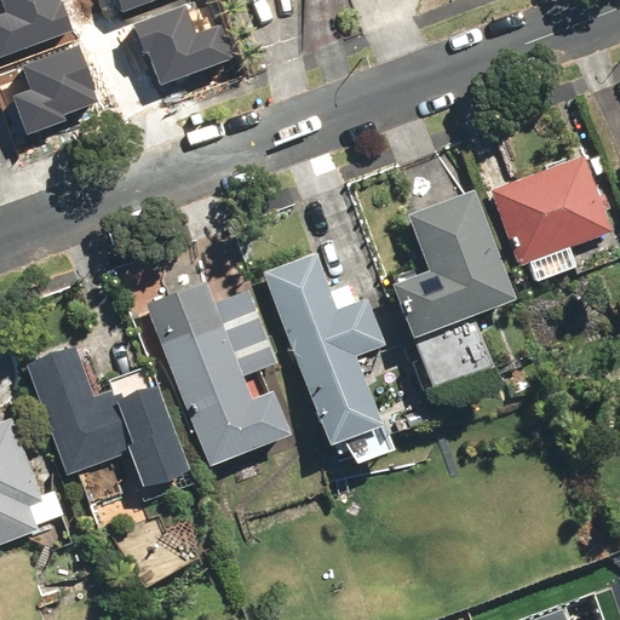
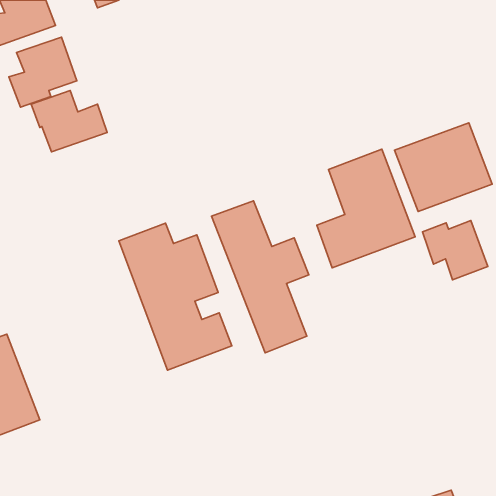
building: [134,10,229,86] -> [31,90,107,152]
building: none -> [422,221,488,280]
building: [24,343,188,484] -> none

